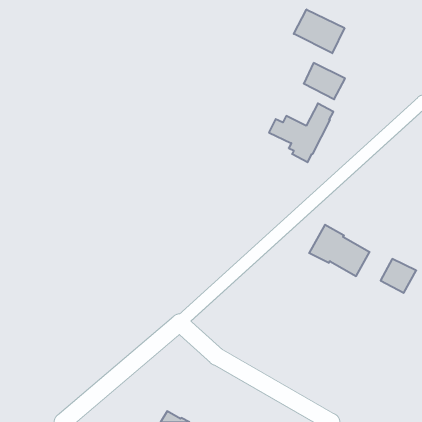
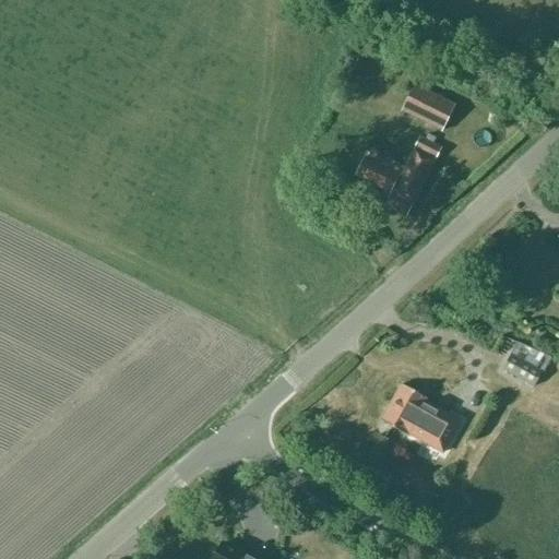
building: [294,9,344,53] -> none
building: [309,225,370,276] -> [381,383,461,451]

